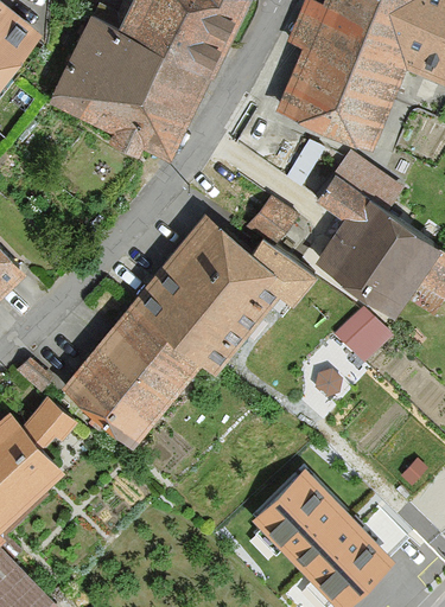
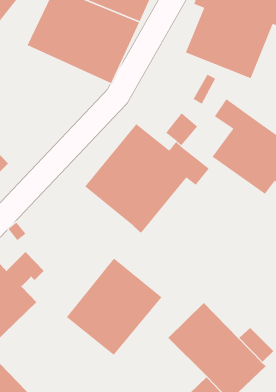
building: [337,153,403,212] -> none
building: [64,304,203,445] -> [66,258,162,356]
building: [337,308,392,363] -> none

